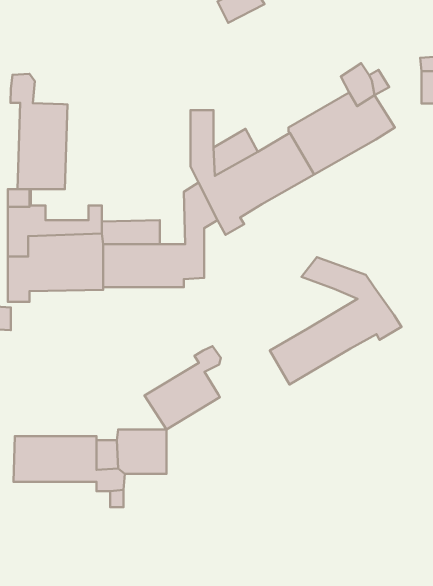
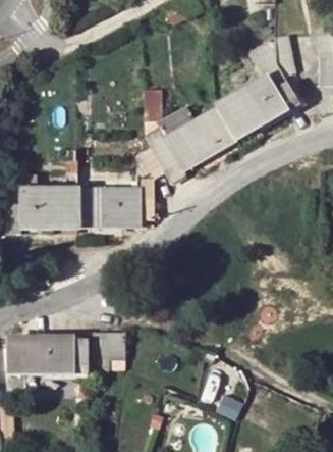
building: [10,74,67,189] -> none
building: [270,257,402,384] -> none
building: [144,346,221,429] -> none

